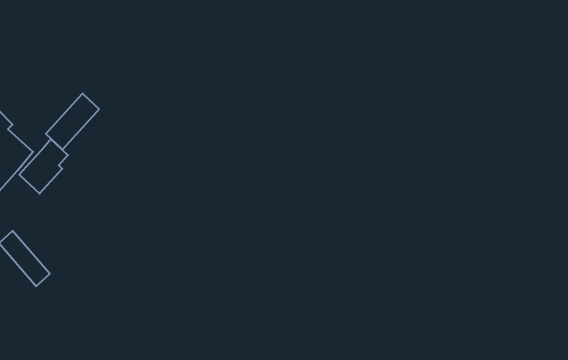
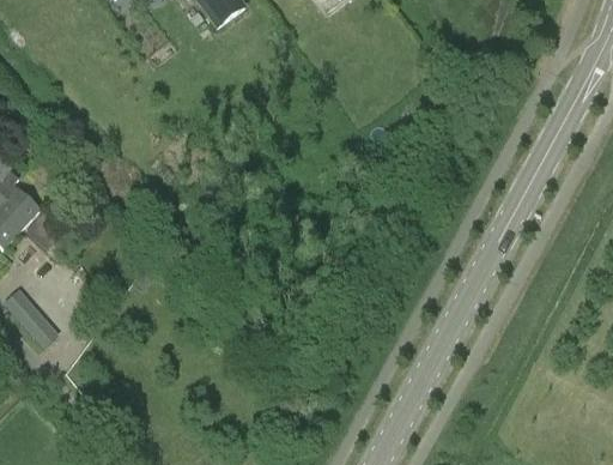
building: [46,93,99,149] -> none

